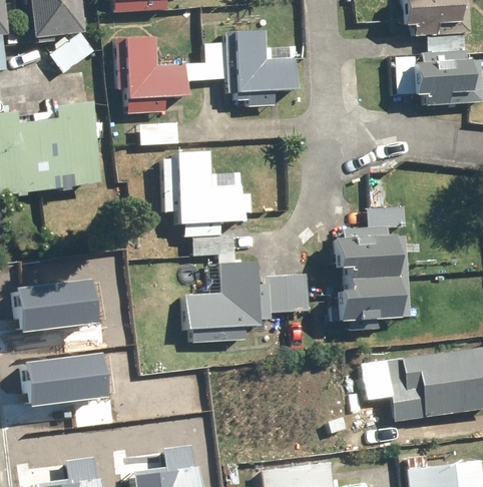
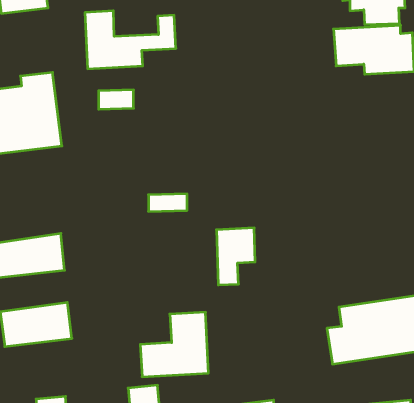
building: [233,31,296,94] -> none
building: [160,152,244,225] -> none
building: [334,206,407,321] -> none
building: [184,262,259,332] -> [140,312,208,377]

